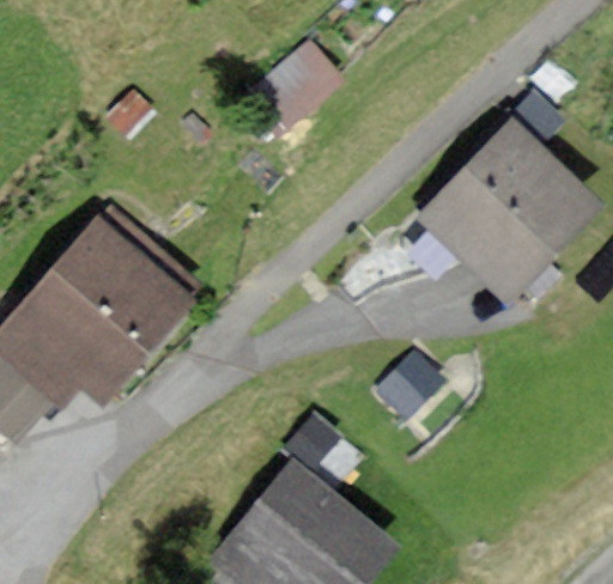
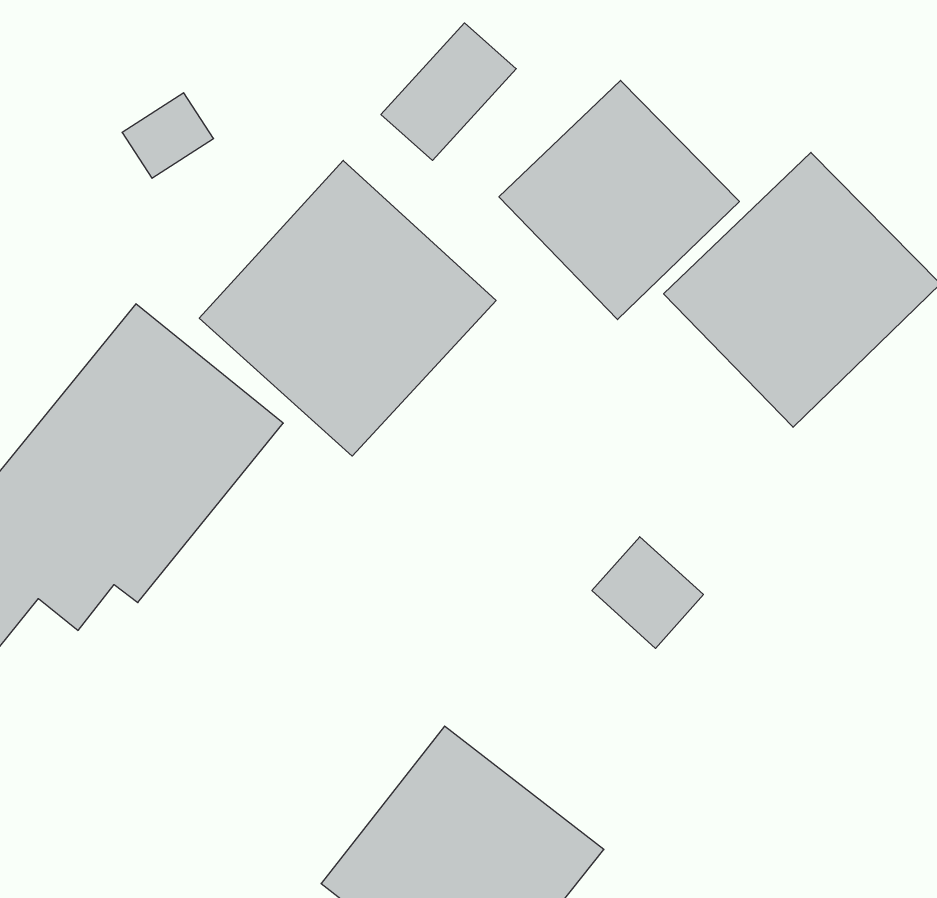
building: none -> [499,80,739,320]
building: none -> [199,160,496,456]

